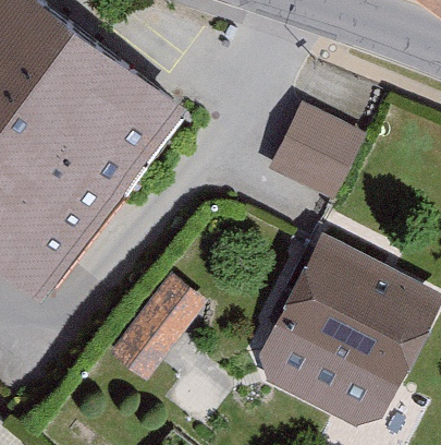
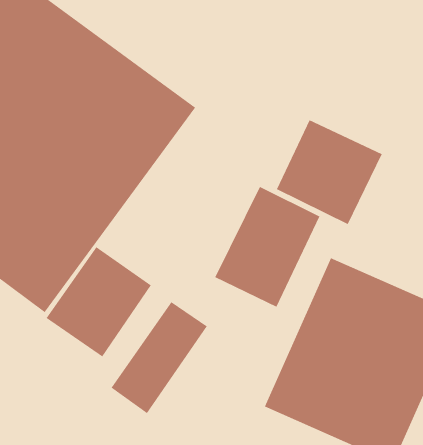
building: none -> [214,186,321,308]
building: none -> [46,246,152,357]

